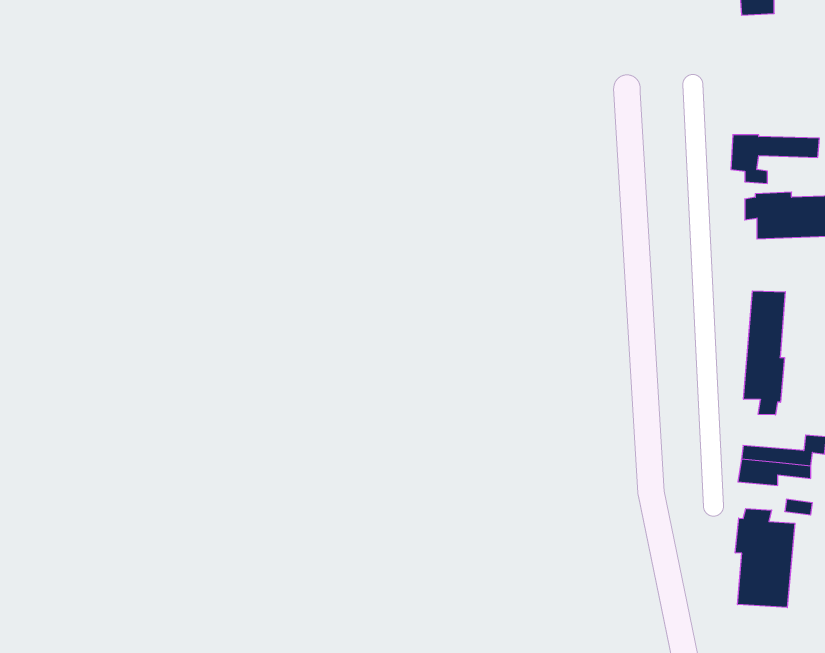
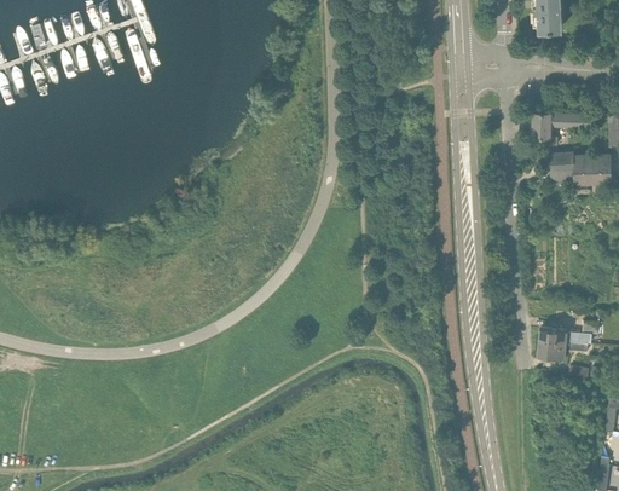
building: [744,291,785,415] -> none
building: [735,509,795,608] -> none

